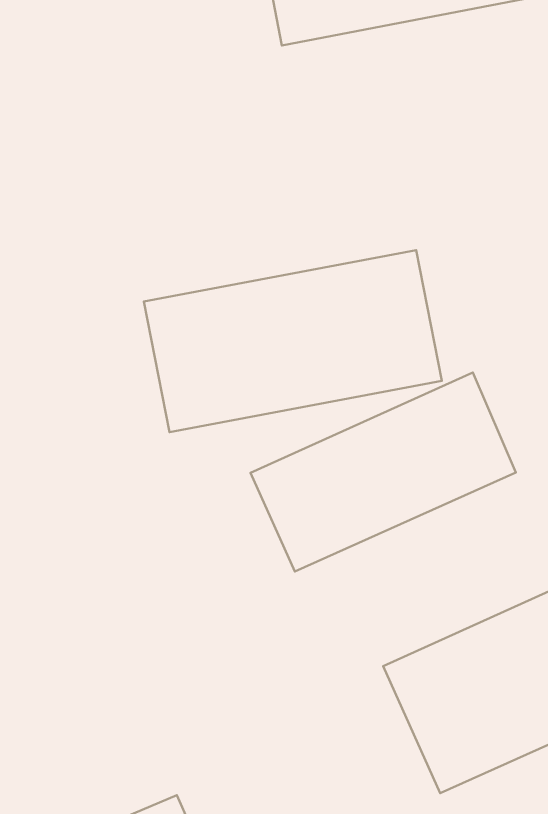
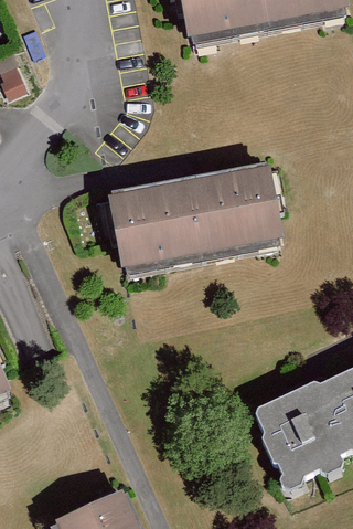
building: [251,373,516,572] -> none

